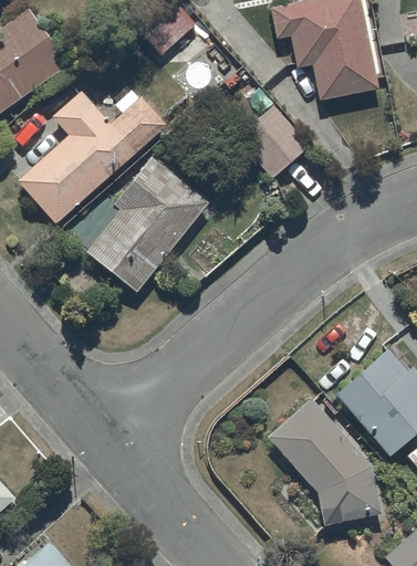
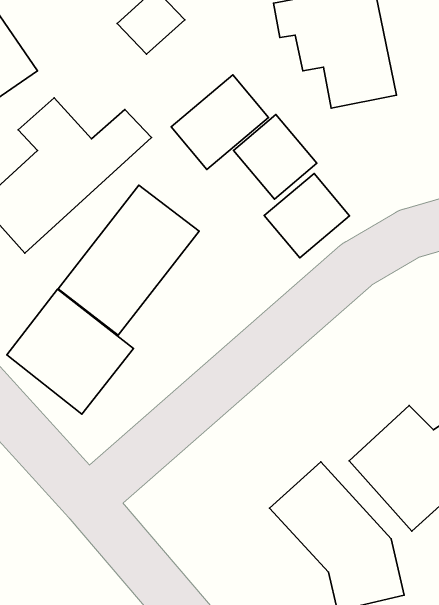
building: none -> [171,75,268,169]
building: none -> [264,173,349,258]
building: none -> [7,289,133,414]

